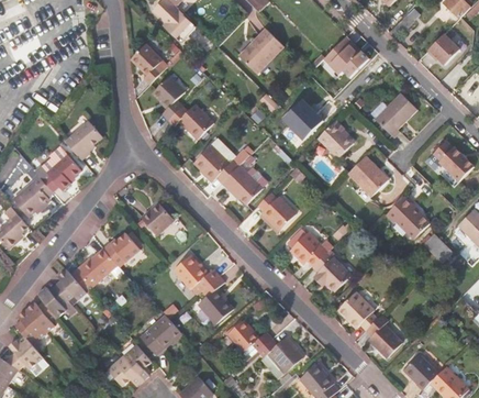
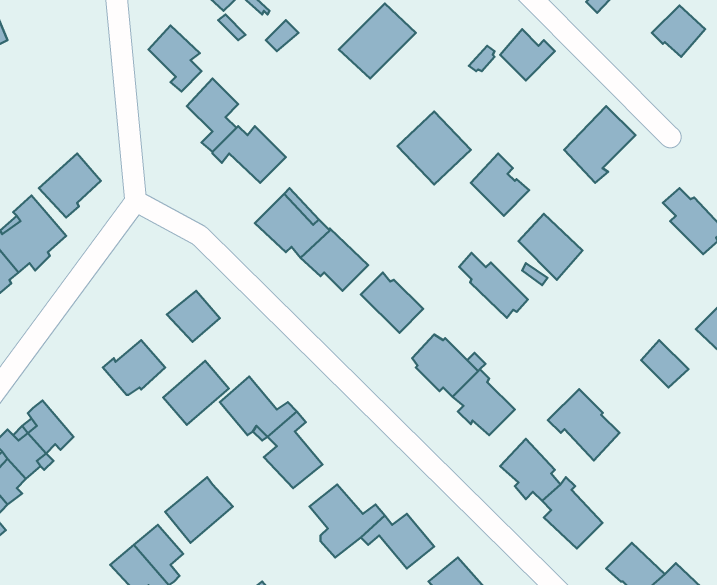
building: none -> [459,253,528,318]
building: [388,196,431,239] -> [548,389,619,460]
building: [76,250,115,288] -> [163,361,229,425]

